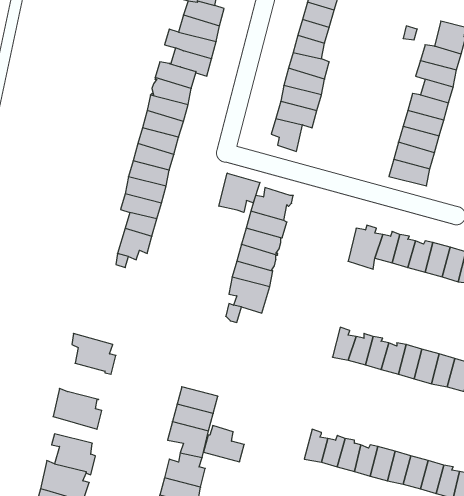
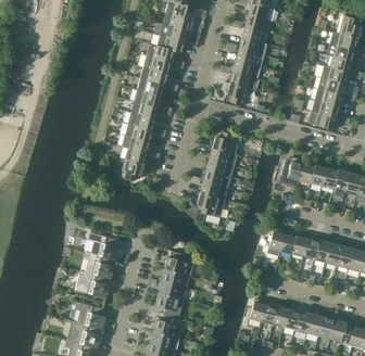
building: [219,173,260,212] -> none
building: none -> [83,252,113,279]
building: [203,426,244,462] -> [164,251,192,276]

